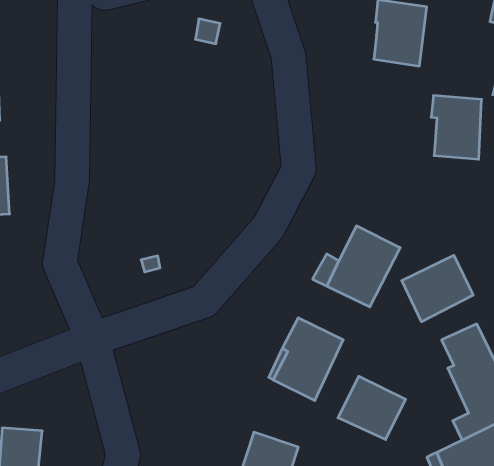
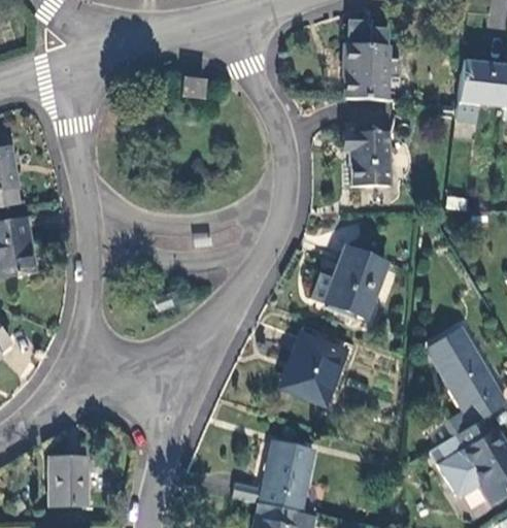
building: [431,96,482,159] -> [344,131,391,186]
building: [402,255,473,322] -> none
building: [338,376,406,440] -> none

